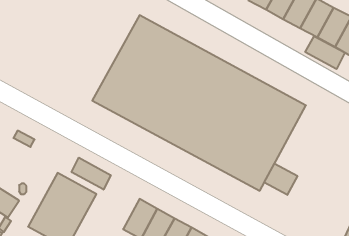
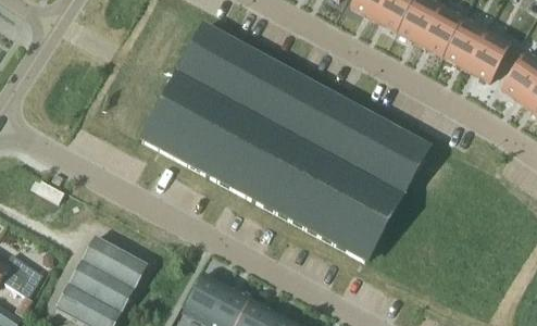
building: [305,36,345,69] -> none
building: [72,158,111,190] -> none
building: [264,164,297,195] -> none

